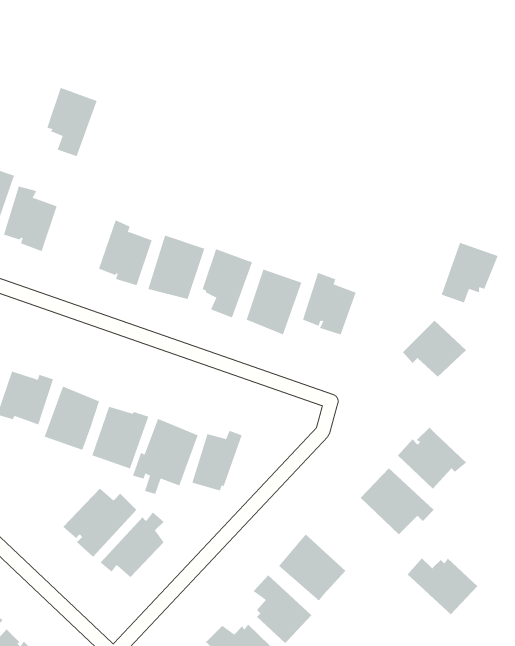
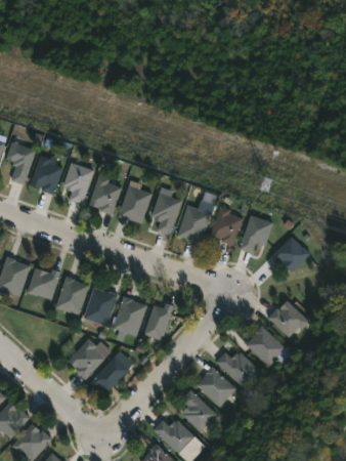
building: [47,87,98,157] -> [62,162,93,204]
building: [441,242,498,303] -> [239,215,273,252]
building: [407,557,478,615] -> [216,351,259,386]

